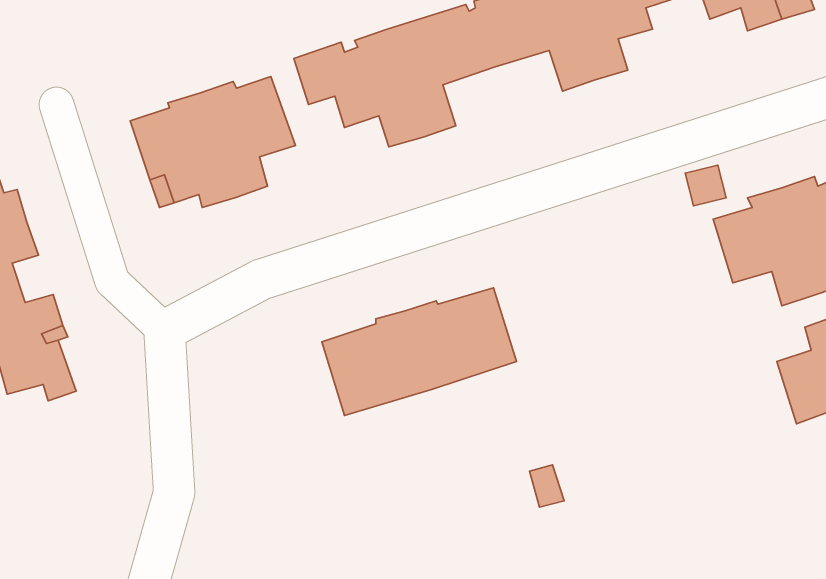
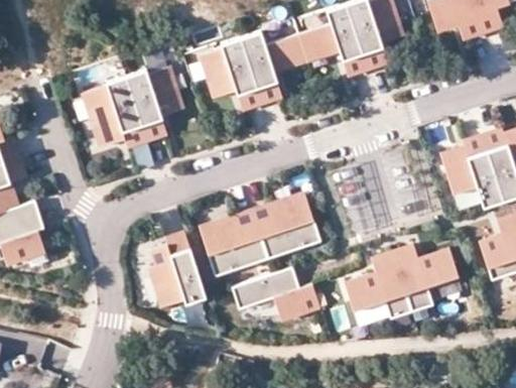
building: none -> [149,232,206,306]
building: none -> [345,245,459,318]
building: none -> [232,267,320,319]

